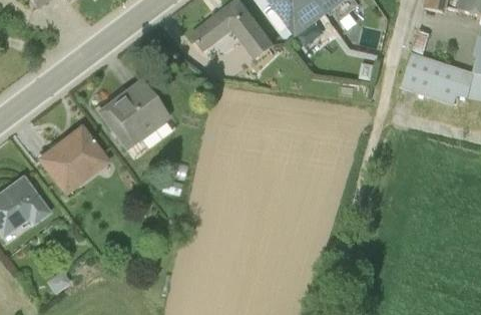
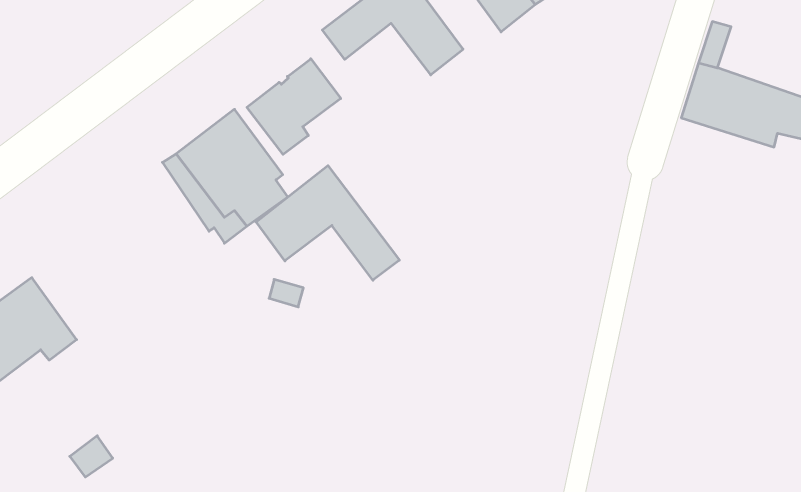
building: none -> [247,59,341,154]
building: none -> [256,166,399,280]
building: [39,130,107,195] -> none

